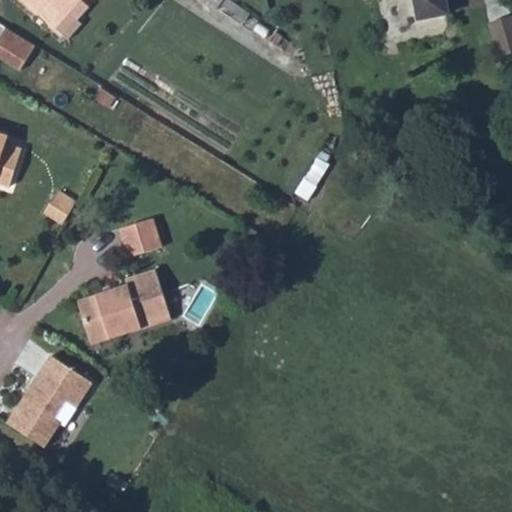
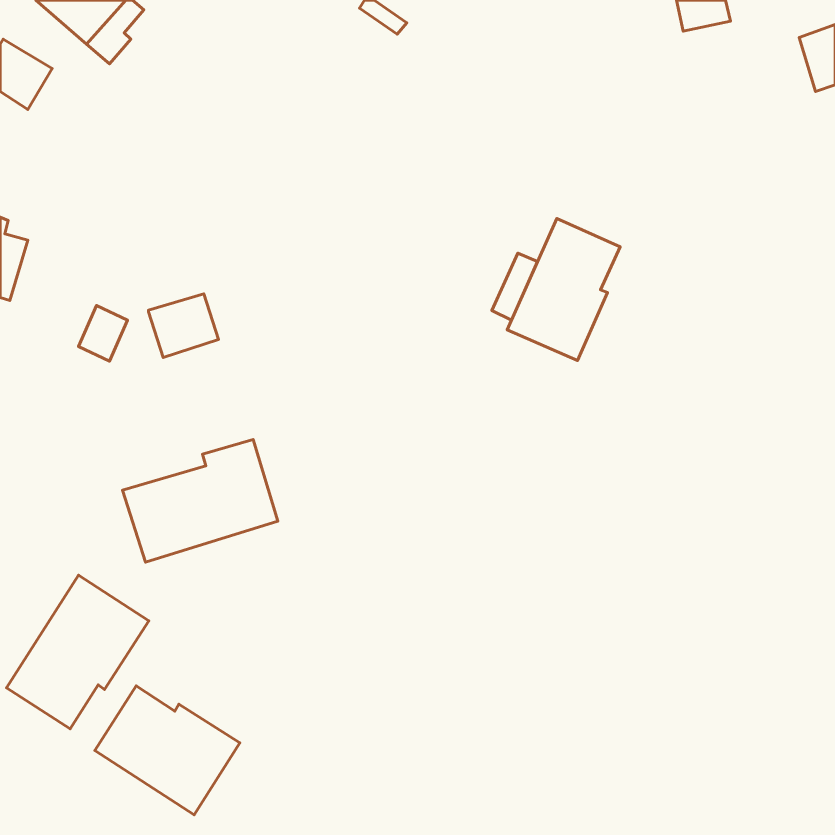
building: none -> [507,219,620,360]
building: [118,218,161,257] -> [148,294,219,357]
building: none -> [95,686,240,815]

